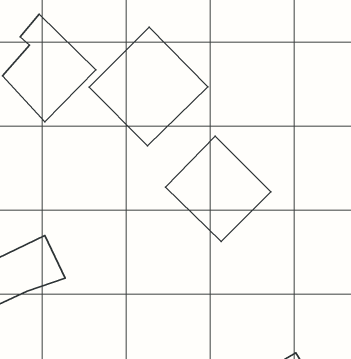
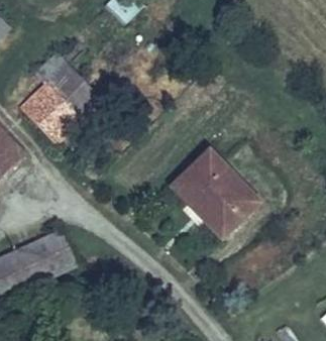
building: [89,27,208,146] -> none

